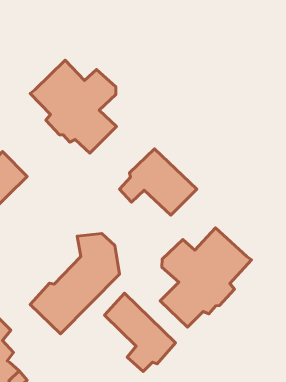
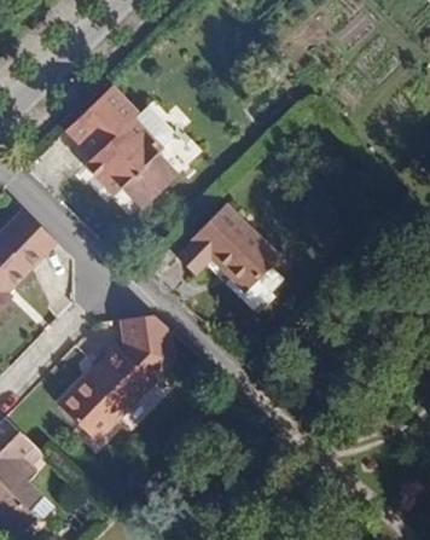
building: [160,228,251,327] -> none
building: [105,293,175,371] -> none

